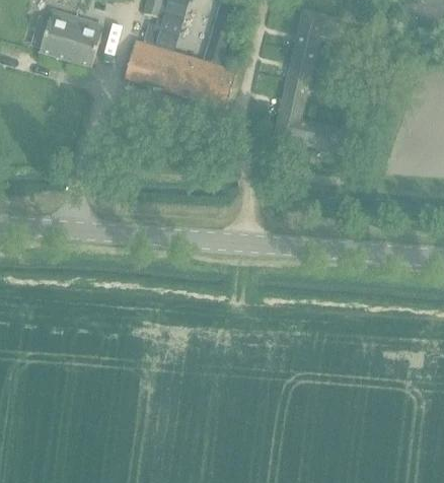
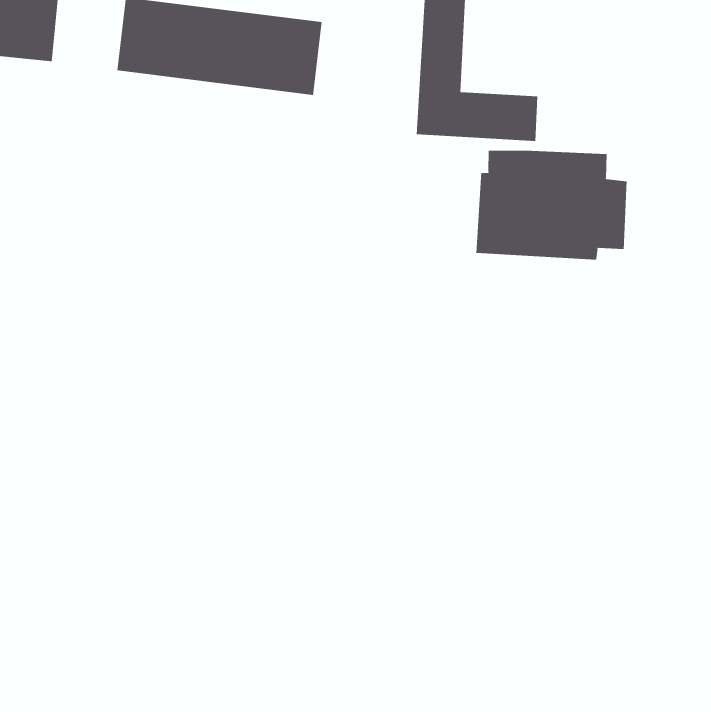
building: none -> [476,150,627,260]

